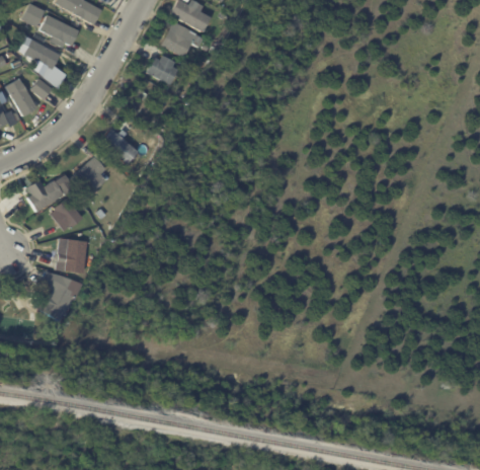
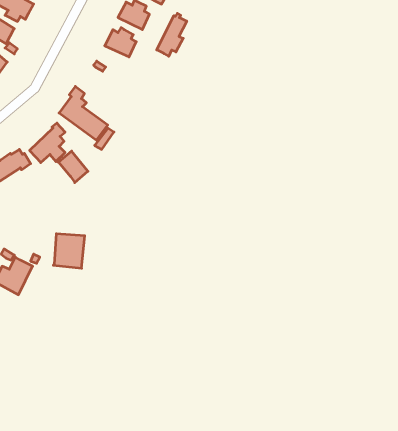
building: none -> [157,13,187,56]
building: [56,197,85,228] -> [58,151,88,183]
building: [59,238,90,272] -> [53,234,85,268]

